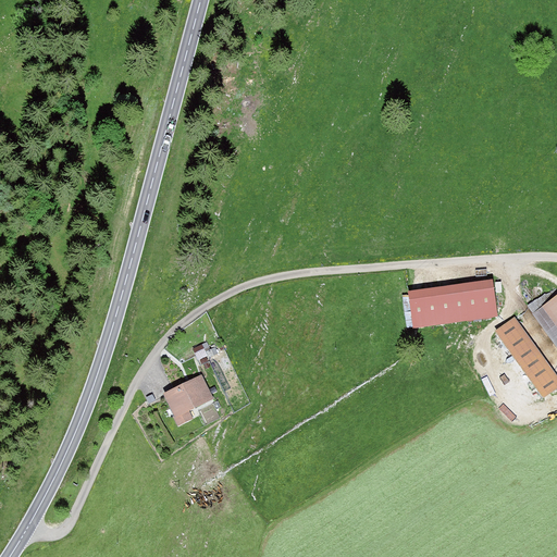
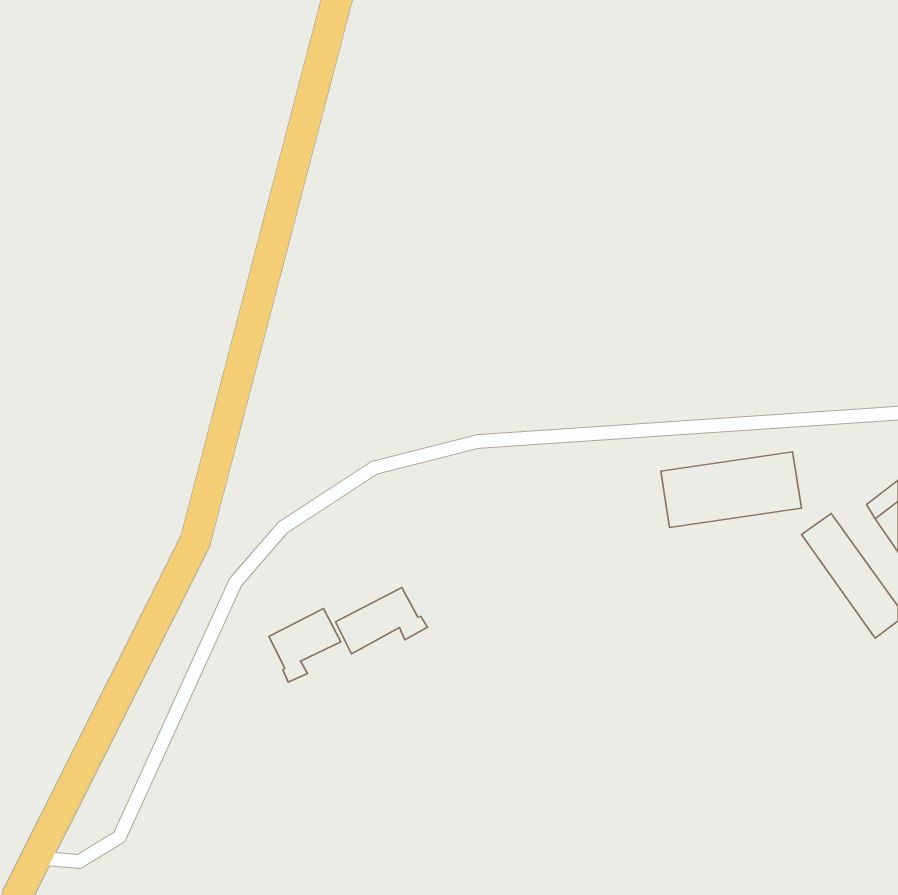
building: none -> [335,588,428,654]

